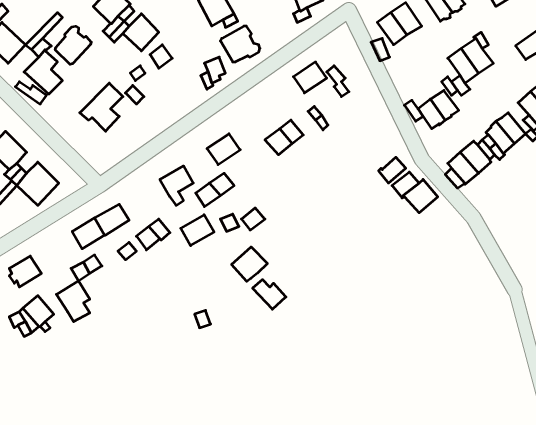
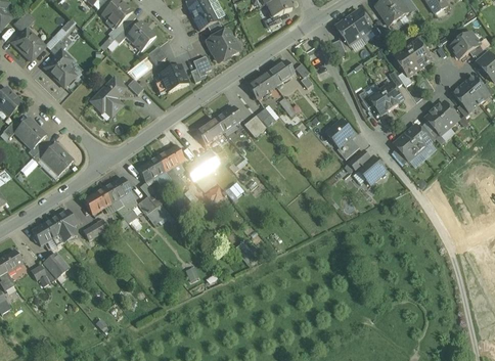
building: [55,26,91,64] -> none
building: none -> [160,63,188,92]
building: none -> [248,72,276,98]
building: none -> [214,105,241,132]
building: none -> [327,120,355,148]
building: [181,215,214,246] -> [137,156,165,182]
building: [232,247,267,281] -> none
building: [56,281,90,322] -> [49,209,77,242]

